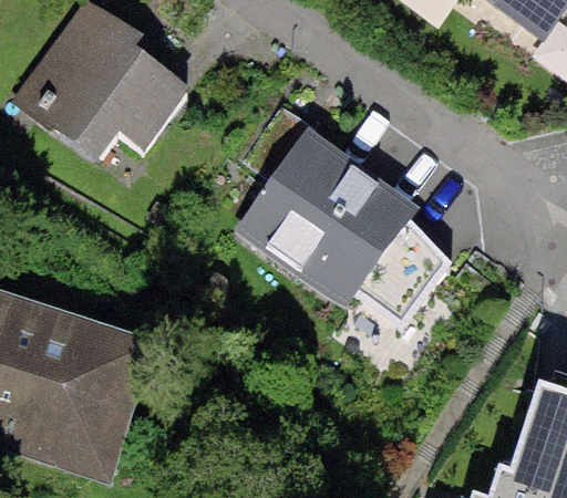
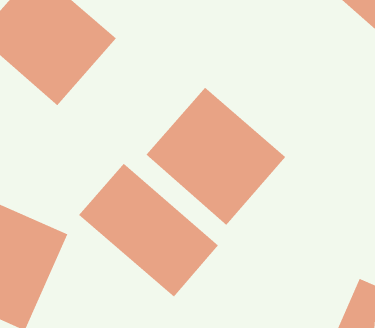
building: none -> [78,163,219,297]

